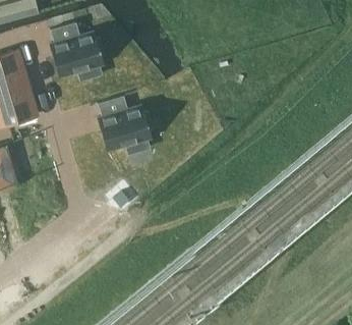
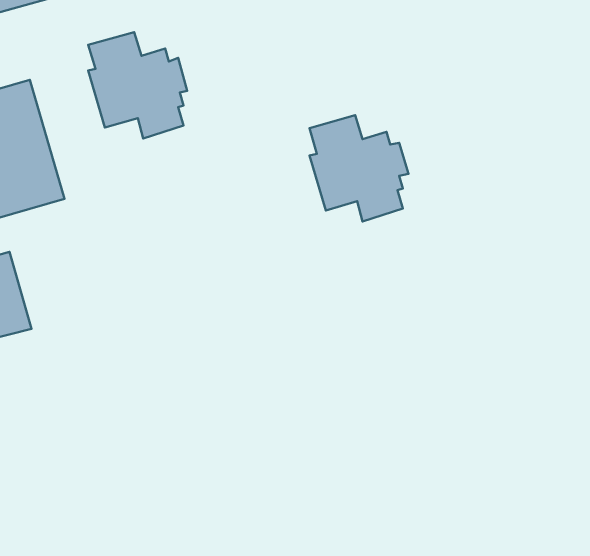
building: [98,96,153,155] -> [309,115,408,221]

